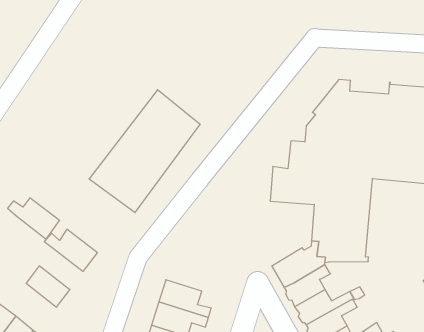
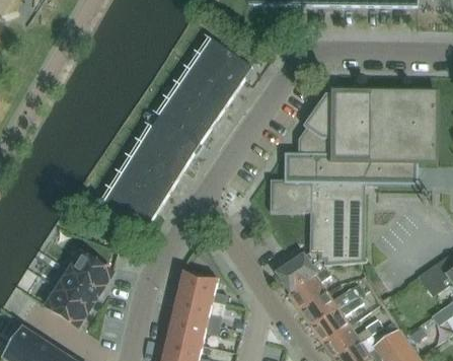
building: none -> [157,34,254,144]
building: [8,198,60,239] -> [51,271,100,308]
building: none -> [178,269,228,303]

